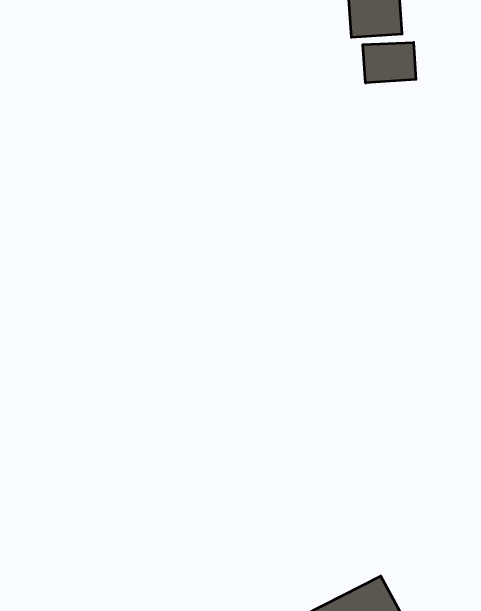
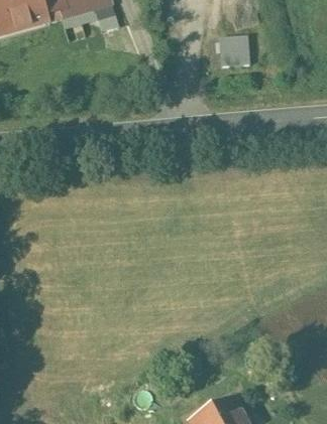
building: [363,42,416,83] -> none

